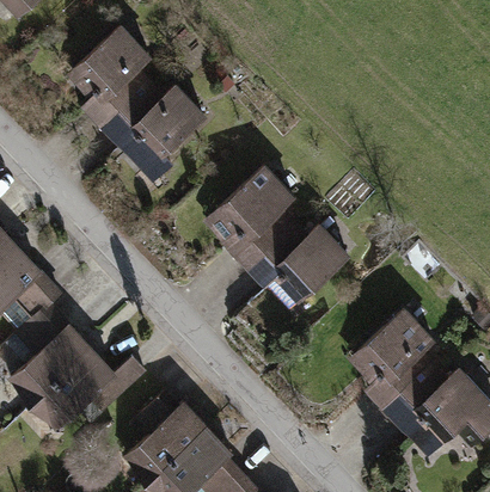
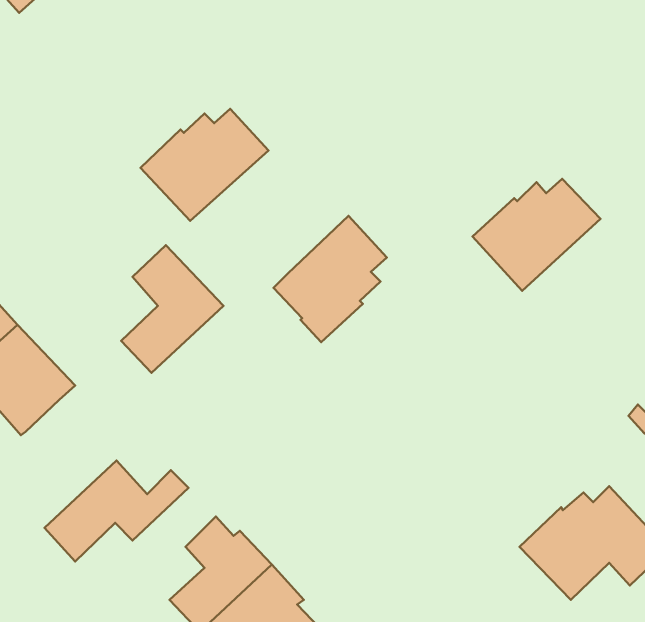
building: [74,27,149,122] -> none
building: [252,227,348,310] -> [472,179,600,291]
building: [14,305,91,400] -> [121,245,224,373]
building: [357,310,433,405] -> none

